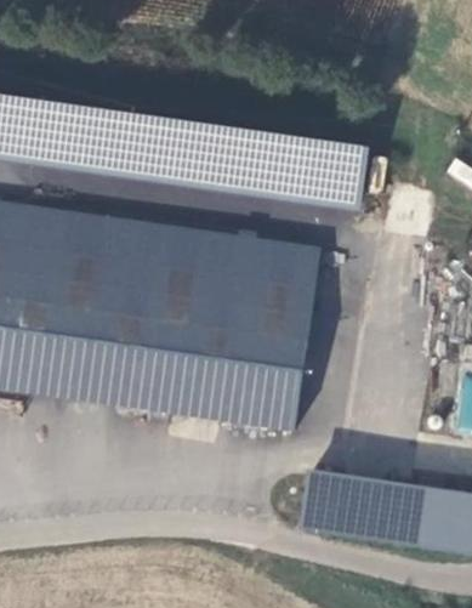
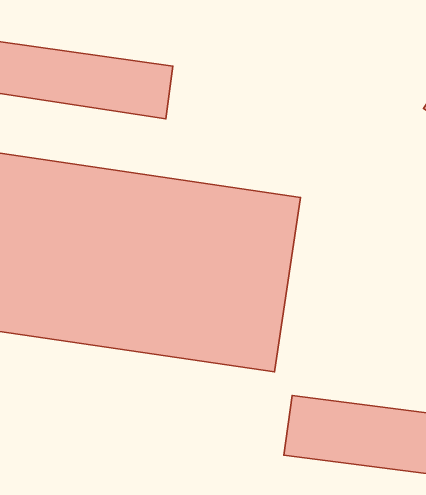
building: [180,121,368,201] -> none

